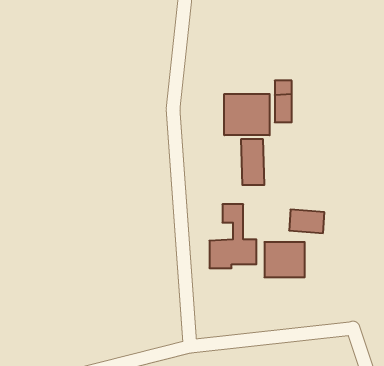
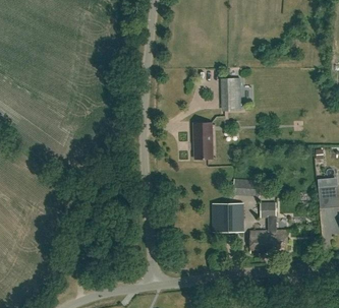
building: [224,94,270,135] -> none
building: [209,204,256,268] -> [250,203,287,253]

